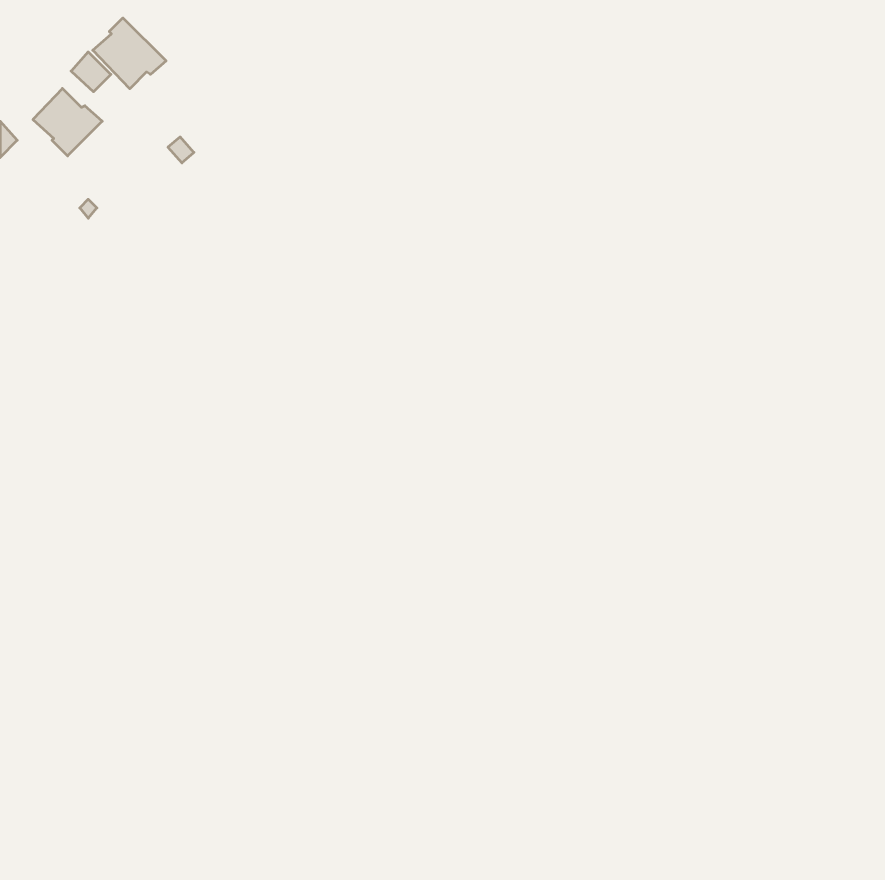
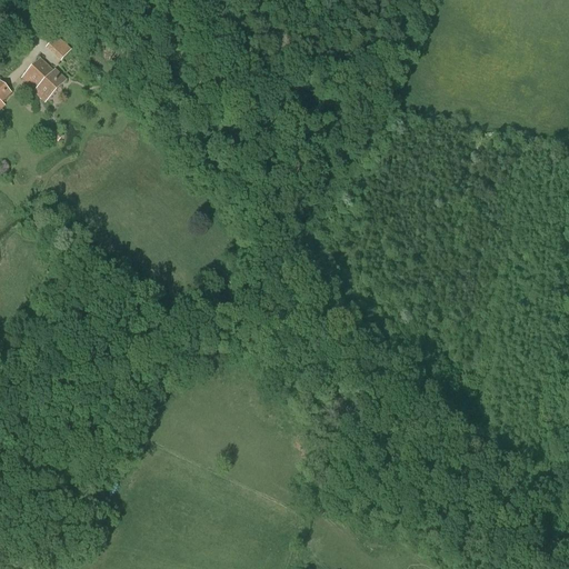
building: [93,18,166,89] -> none

